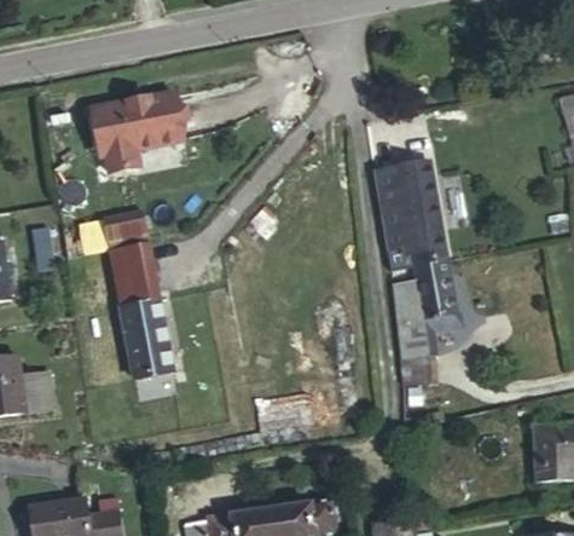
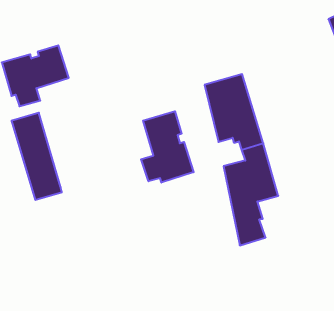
building: none -> [141,111,194,183]
building: [121,298,174,377] -> none

